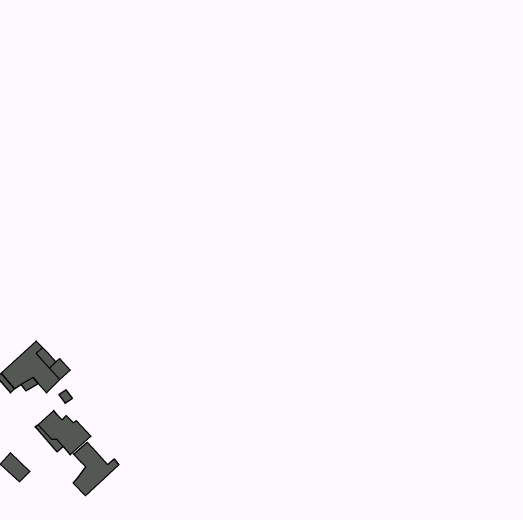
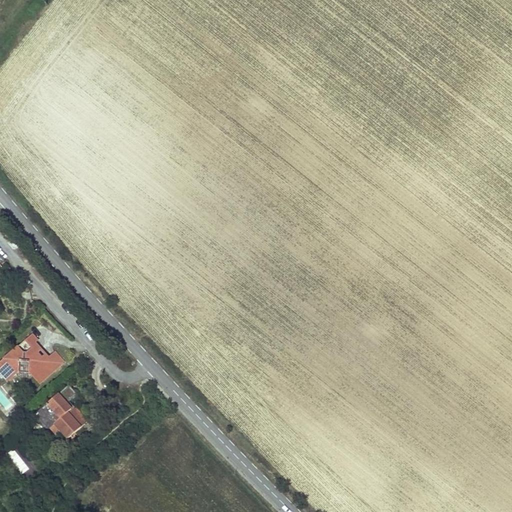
building: [73,442,119,496] -> none

